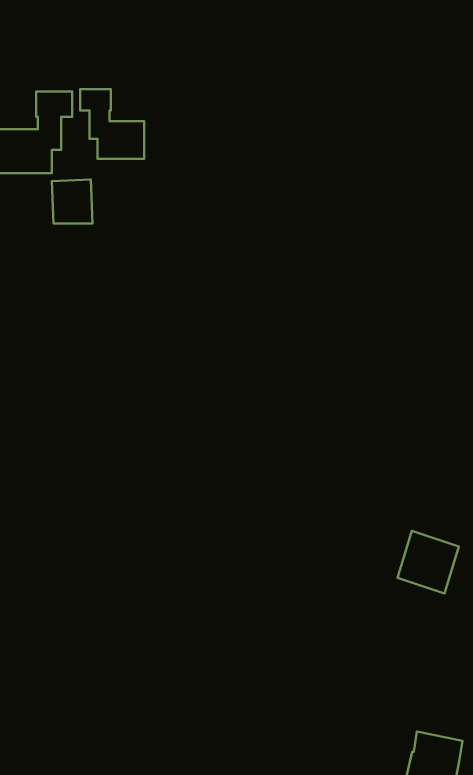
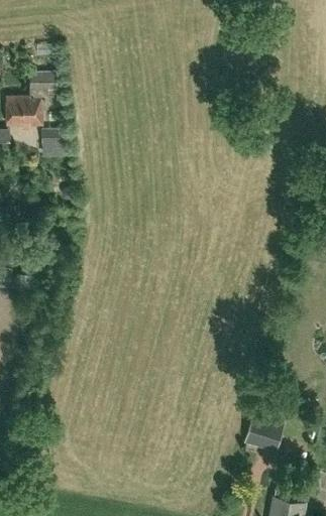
building: [80,89,144,159] -> none
building: [398,531,459,594] -> [244,413,284,454]

